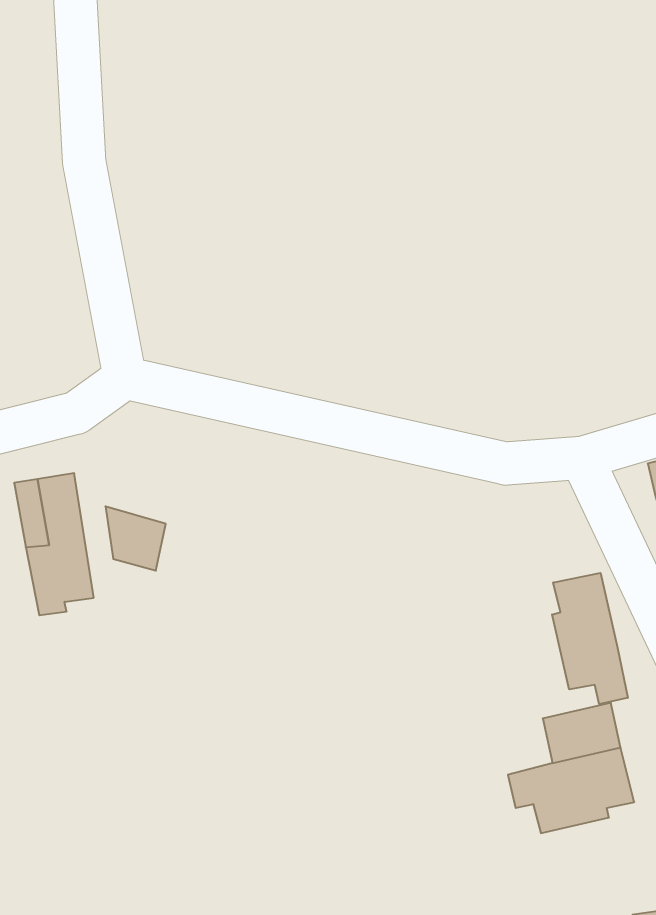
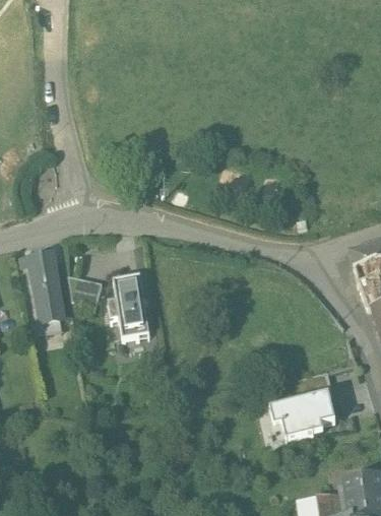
building: none -> [108,276,150,341]
building: [552,573,628,704] -> none

